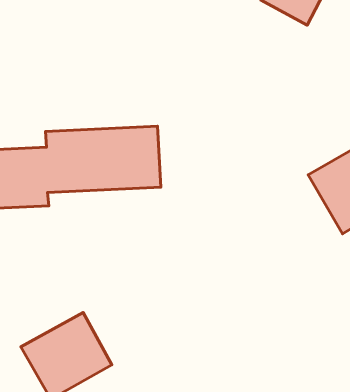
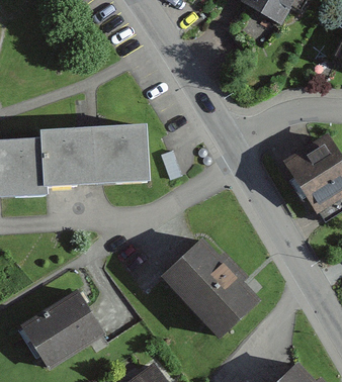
building: none -> [162,243,256,339]

